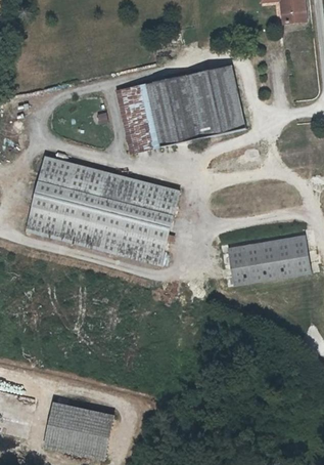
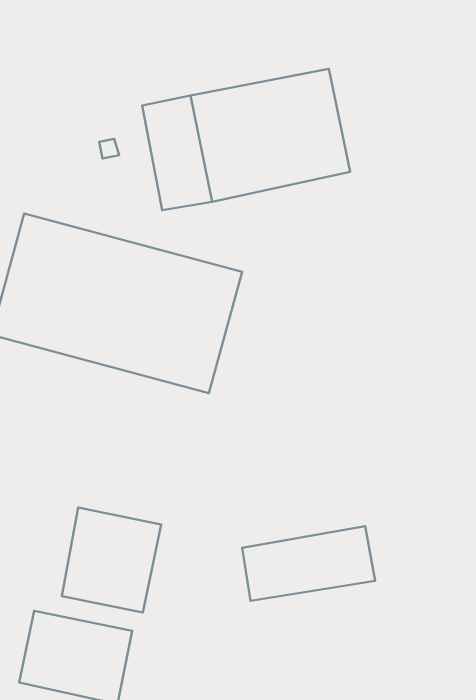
building: [228,237,310,283] -> [242,526,375,601]
building: none -> [62,508,161,613]

